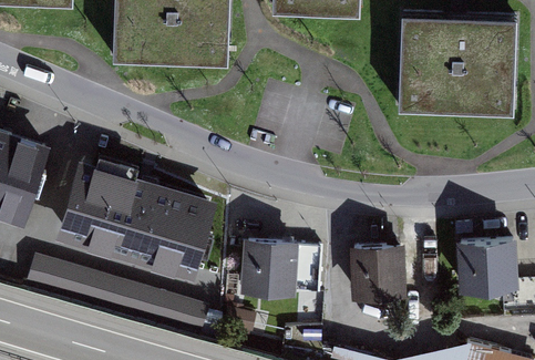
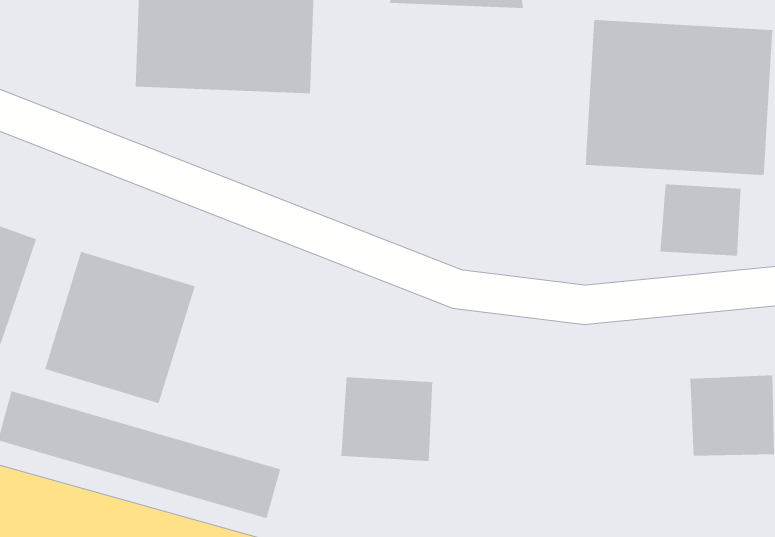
building: none -> [660,184,742,257]
building: [127,184,214,279] -> none
building: [352,248,407,300] -> none

